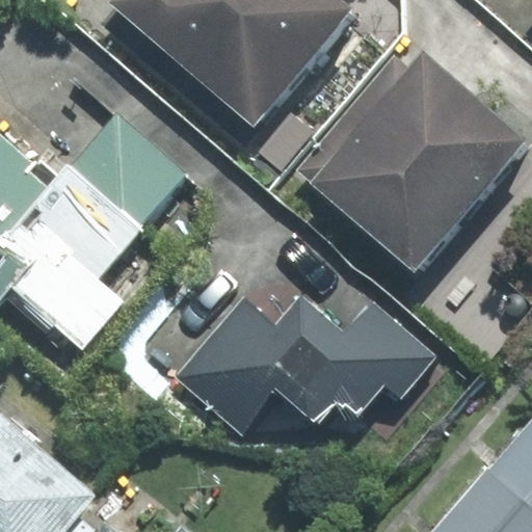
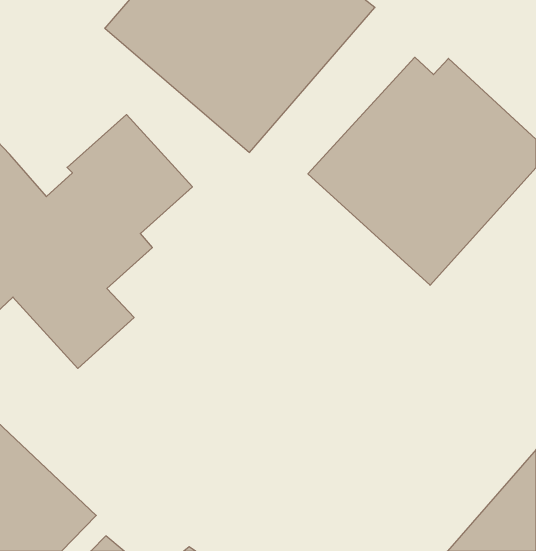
building: [176,293,436,434] -> none

